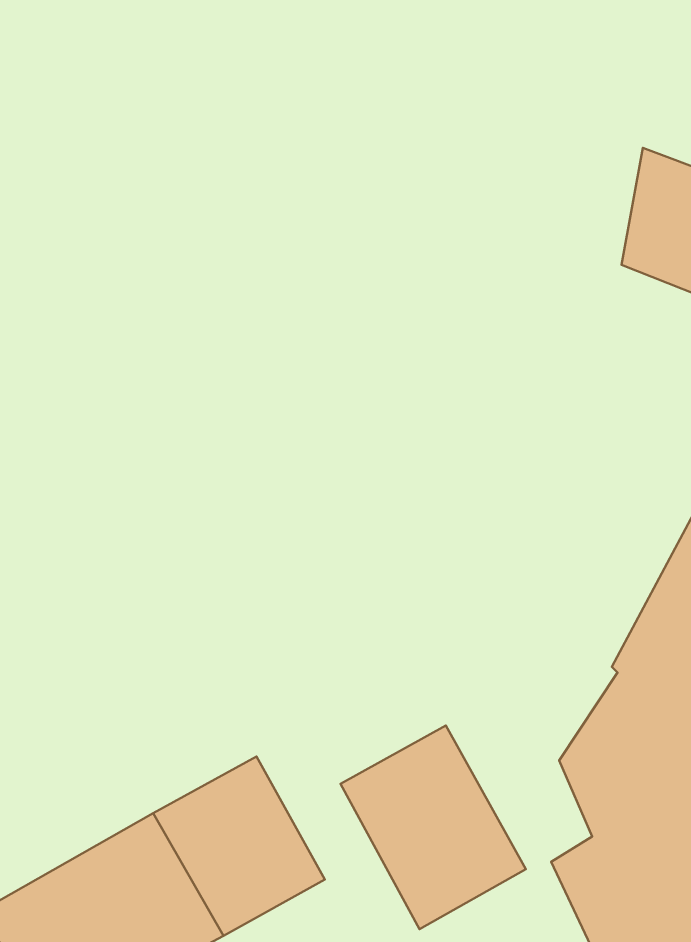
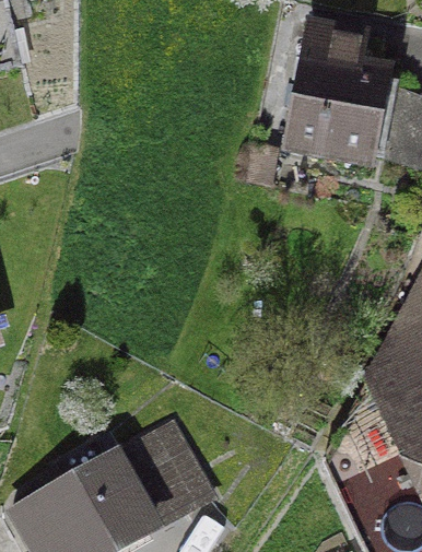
building: none -> [285,26,389,166]
building: [341,725,526,929] -> none

